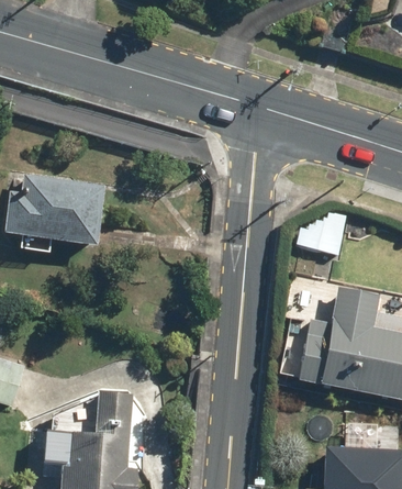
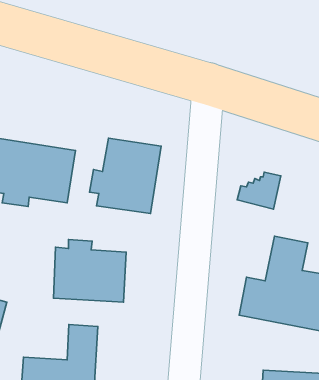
building: none -> [89,138,161,213]
building: none -> [54,239,126,302]

